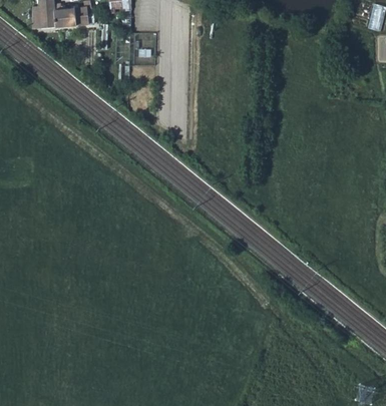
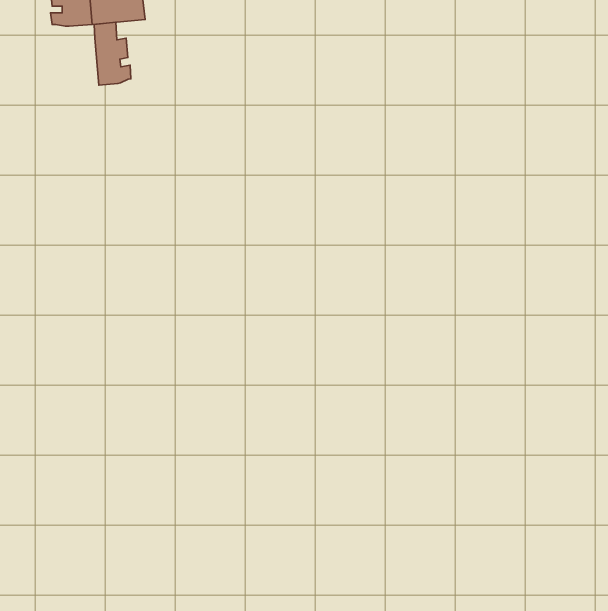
building: none -> [94,22,131,85]

